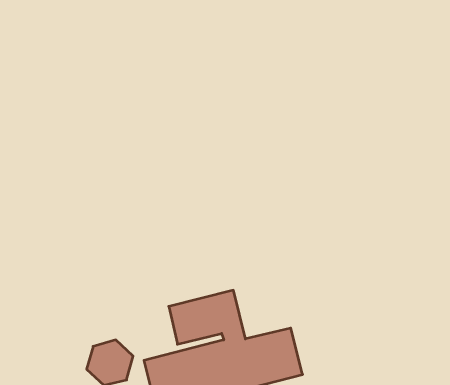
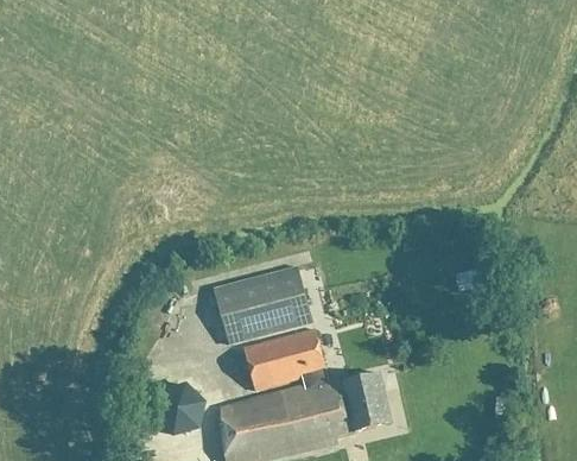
building: none -> [214,266,312,343]

